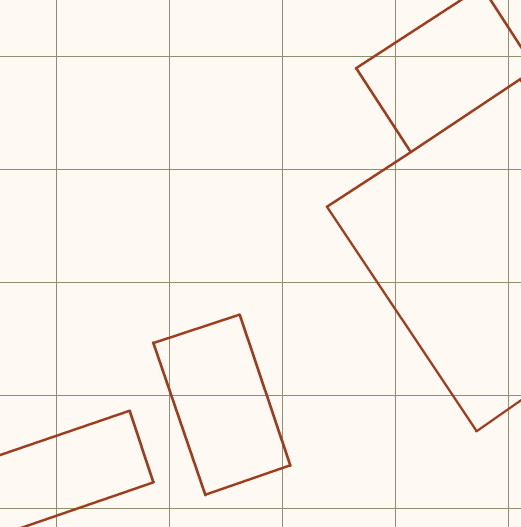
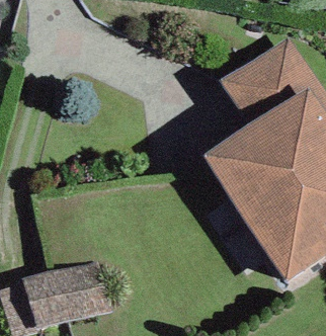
building: [153,315,290,495] -> none

